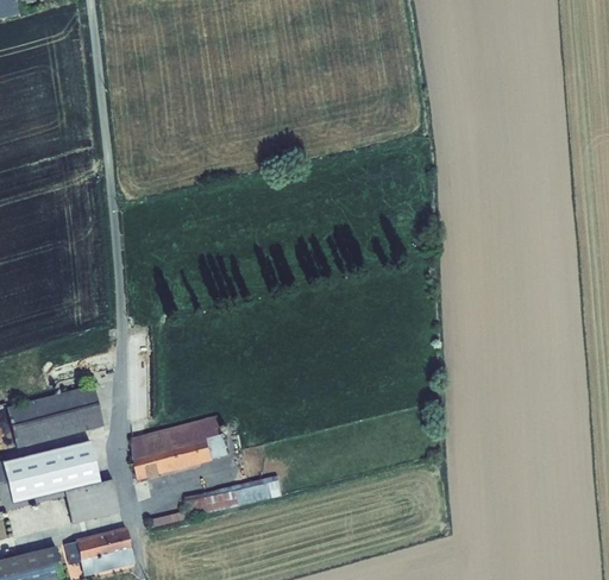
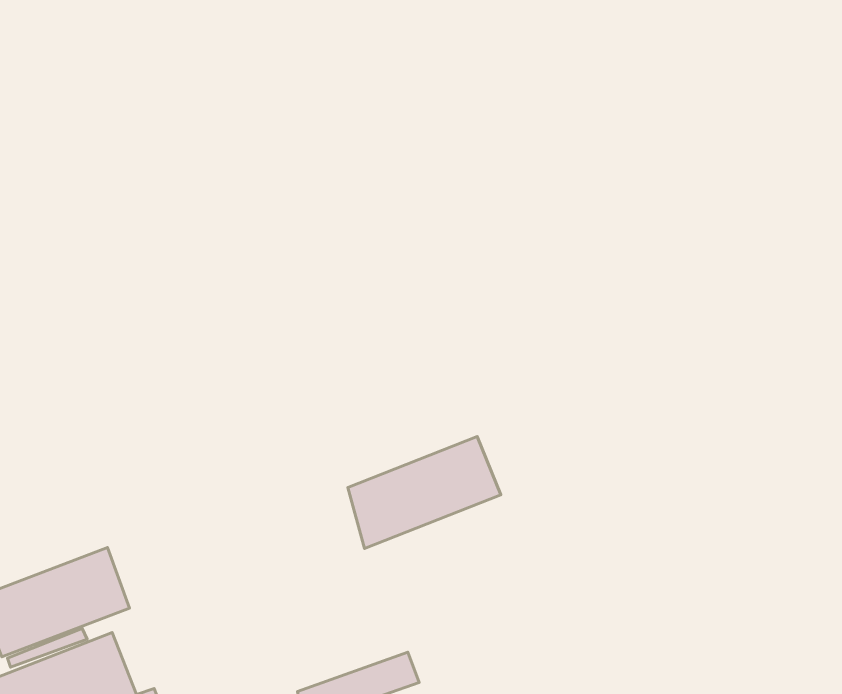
building: [130,415,227,478] -> [348,437,501,549]

